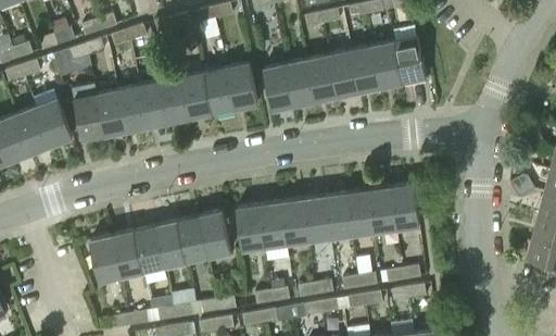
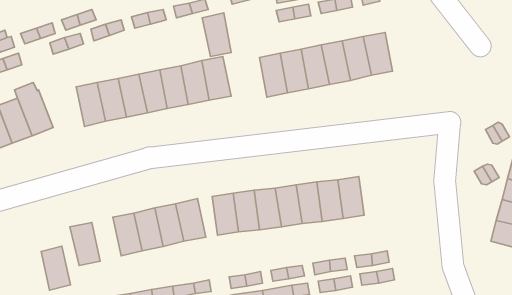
building: [263,64,293,110] -> [202,13,231,57]
building: [71,84,104,140] -> none
building: [389,185,418,228] -> none
building: [112,231,142,276] -> [41,246,70,290]

